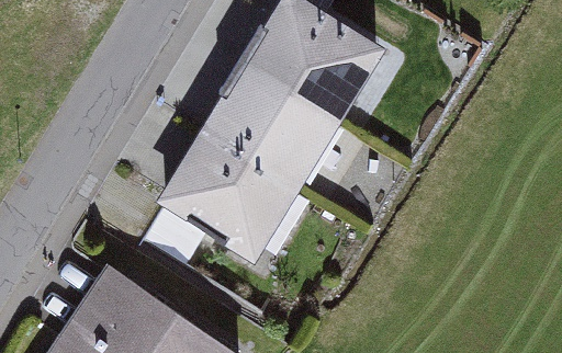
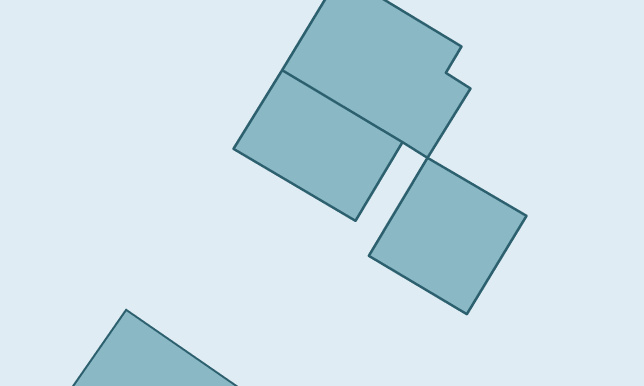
building: [134,132,300,275] -> none
building: none -> [369,158,526,314]

